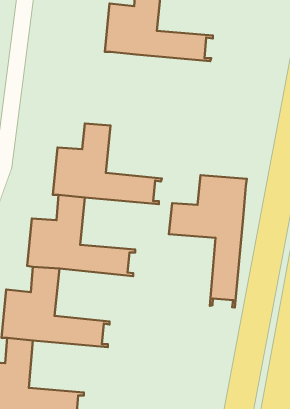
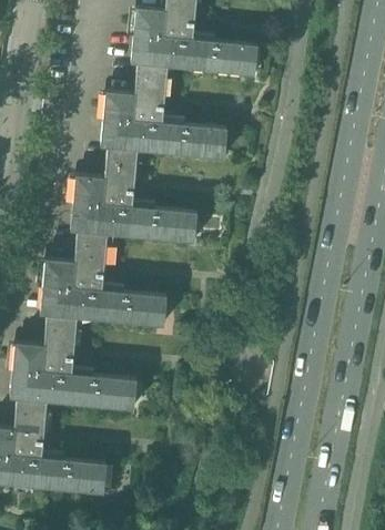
building: none -> [100,63,227,159]
building: [169,175,247,308] -> none

